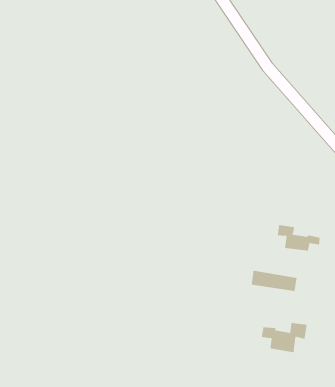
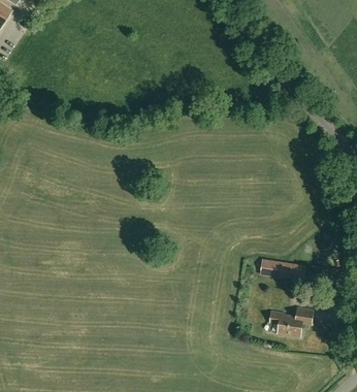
building: [277,224,321,251] -> none

